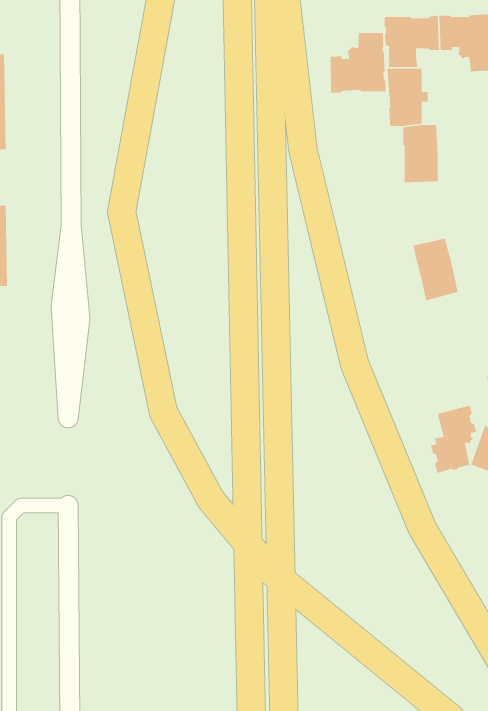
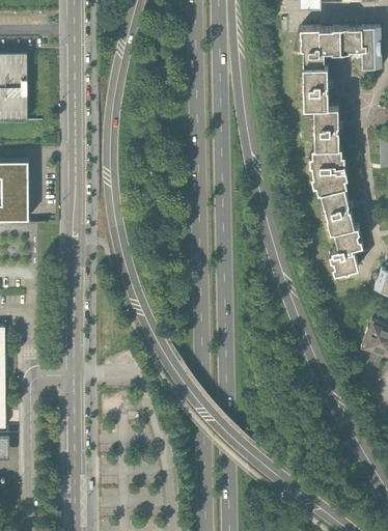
building: [330,32,387,94] -> none
building: none -> [308,145,348,192]
building: [430,405,477,474] -> [328,224,362,274]

